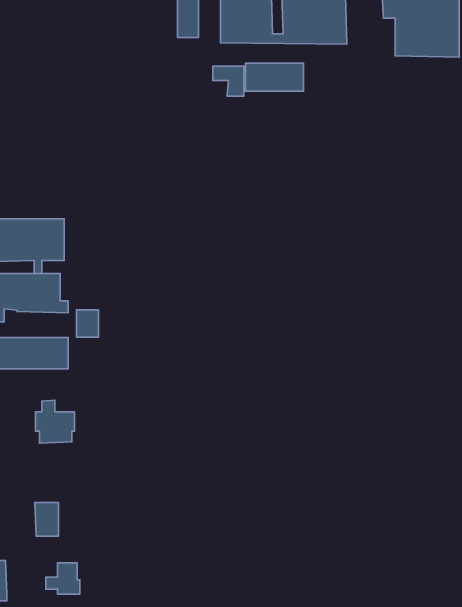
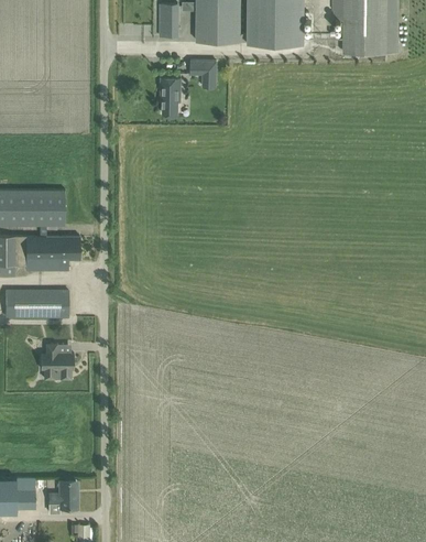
building: [246,63,304,91] -> none
building: none -> [160,78,181,116]
building: [76,310,99,337] -> [61,237,79,260]
building: [35,502,58,536] -> [14,479,34,508]

